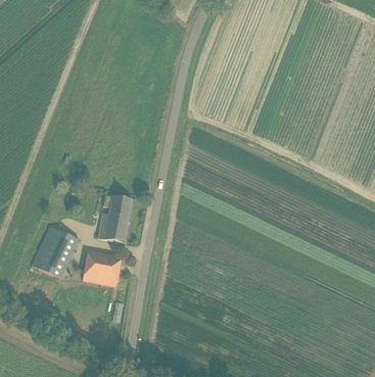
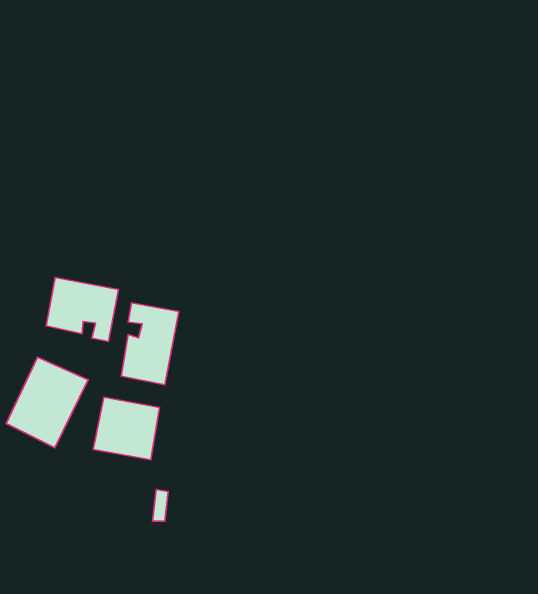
building: none -> [46,277,119,342]

